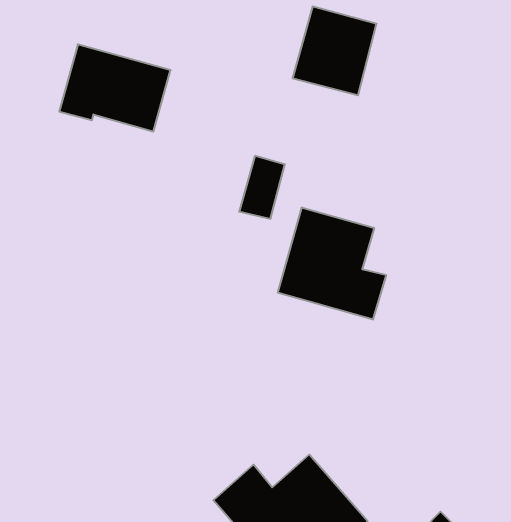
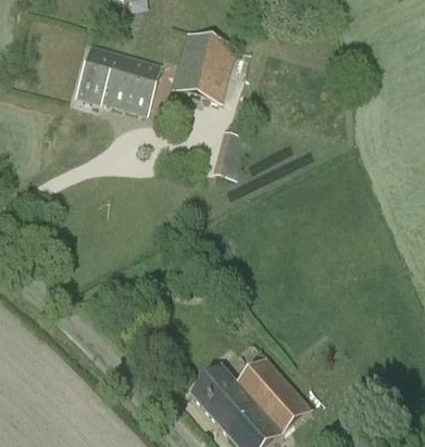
building: [292,7,377,95] -> [171,31,235,99]
building: [278,207,386,320] -> none

